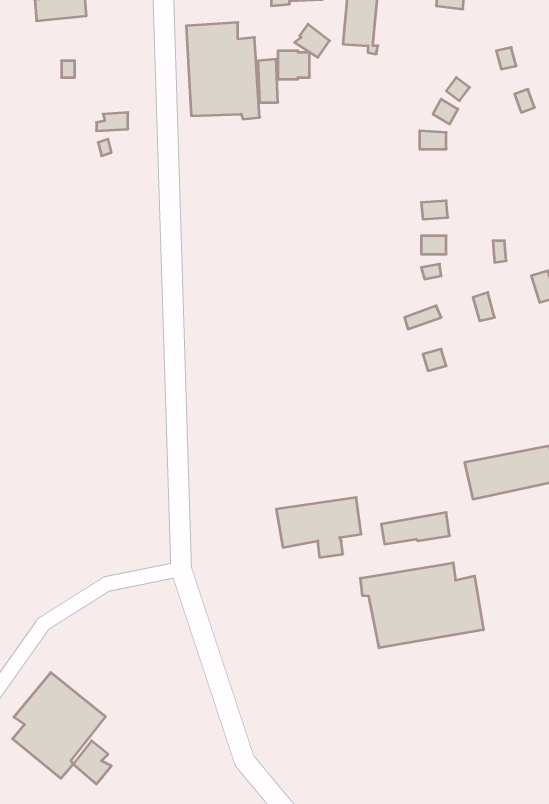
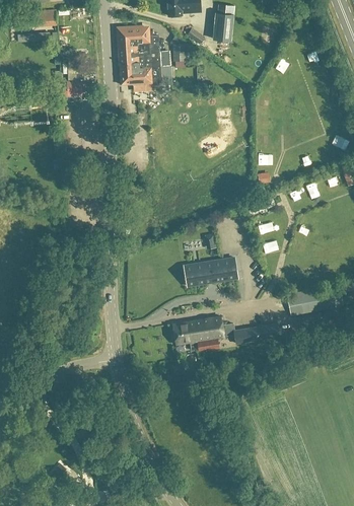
building: none -> [183,258,236,285]
building: [360,563,483,648] -> none
building: [12,672,105,778] -> none

